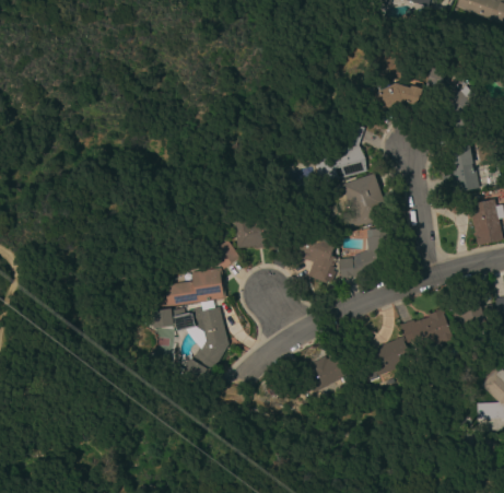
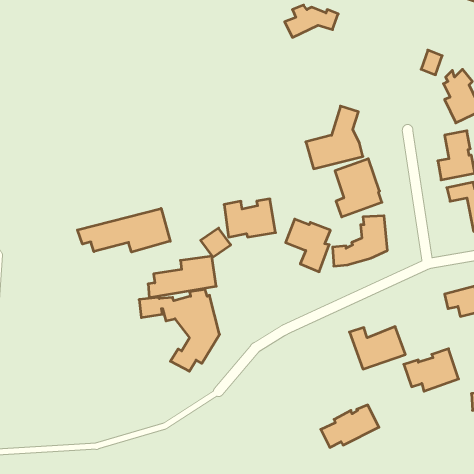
building: [371,81,423,113] -> [285,5,338,37]
building: none -> [77,208,170,252]
building: [400,308,454,350] -> [404,349,459,391]
building: [295,351,352,392] -> [321,405,379,447]

